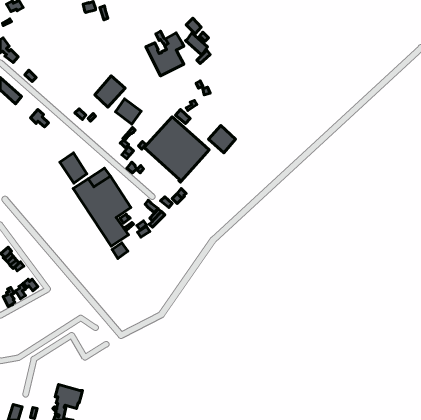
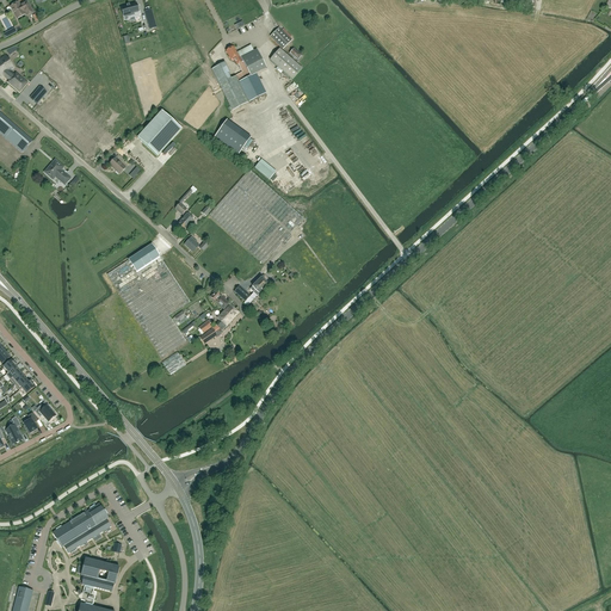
building: [116,99,141,124] -> [214,119,251,156]
building: [208,126,235,153] -> none
building: [60,153,87,183] -> none
building: none -> [53,502,110,553]

